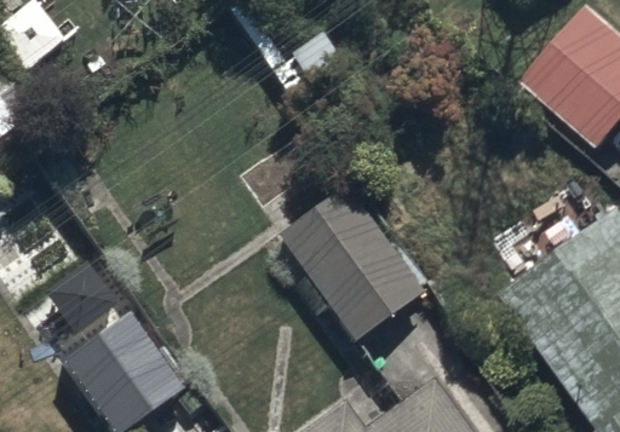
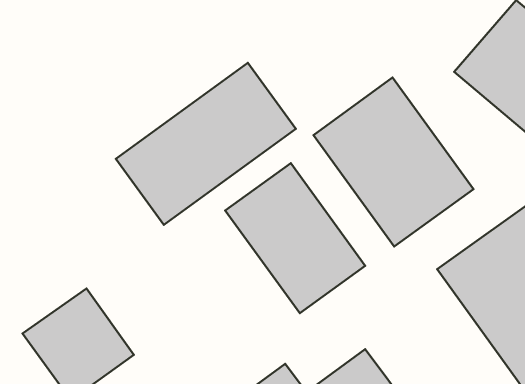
building: none -> [116,63,296,225]
building: none -> [313,78,474,247]

